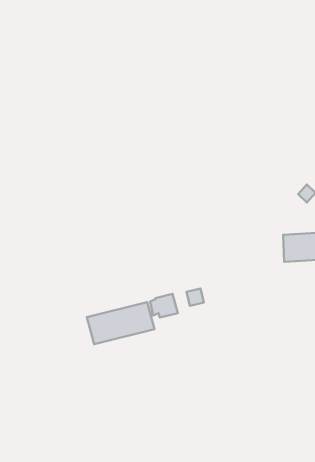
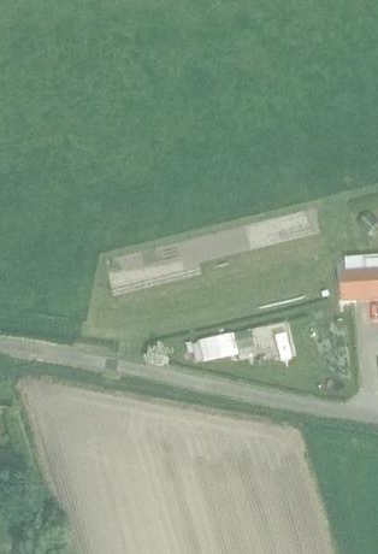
building: [87,302,154,344] -> none

